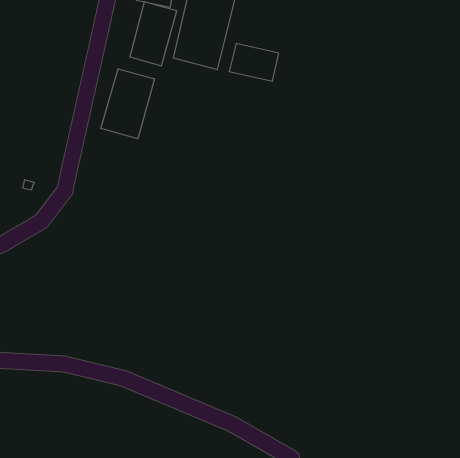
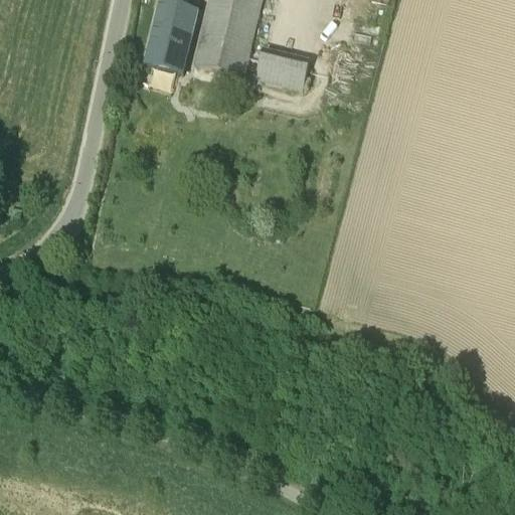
building: [101,69,155,139] -> none

